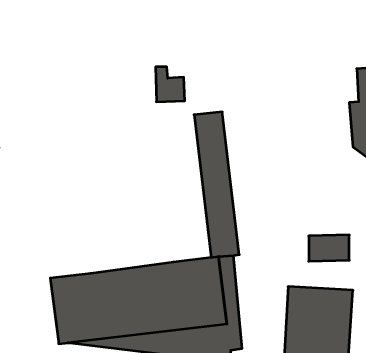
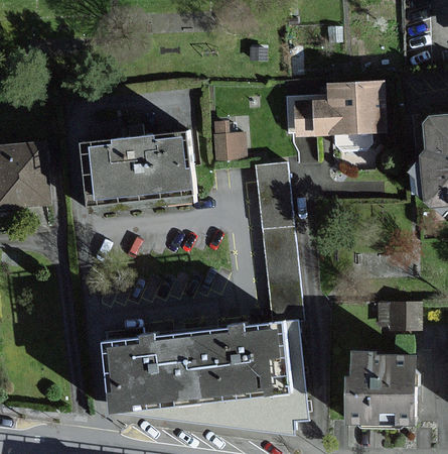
building: none -> [289,81,388,149]
building: none -> [78,131,192,205]

